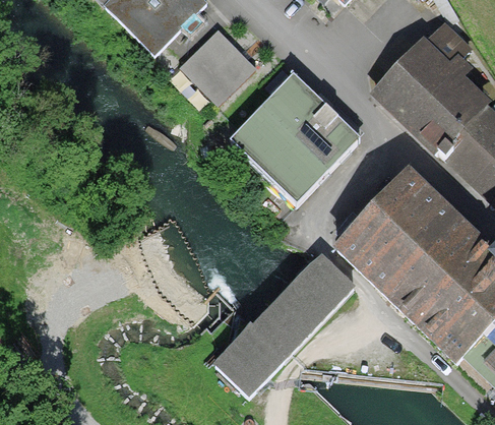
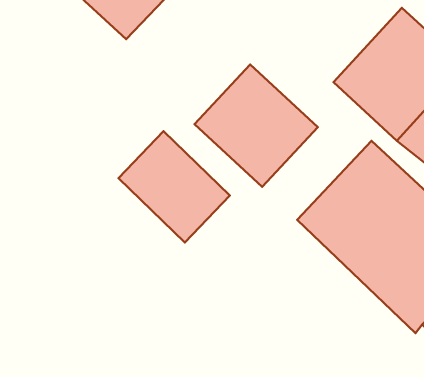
building: [180,31,256,107] -> none
building: none -> [118,131,230,243]
building: [215,254,355,393] -> none

